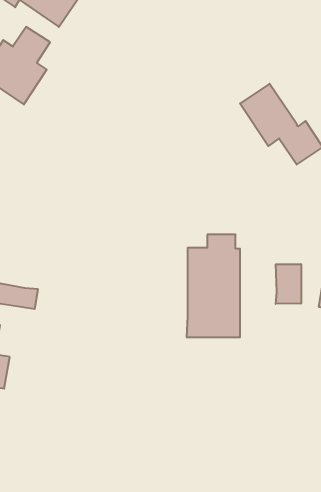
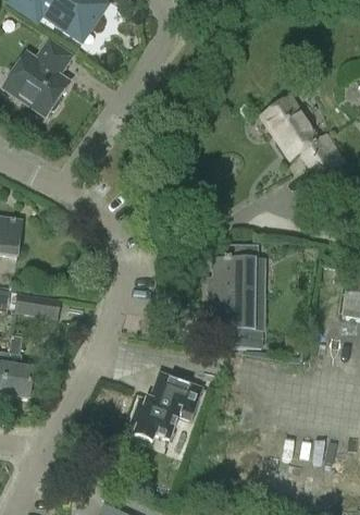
building: [276,264,301,304] -> none
building: none -> [131,372,185,443]

